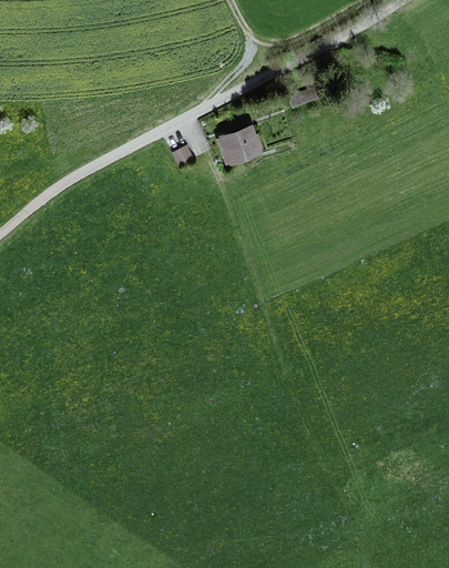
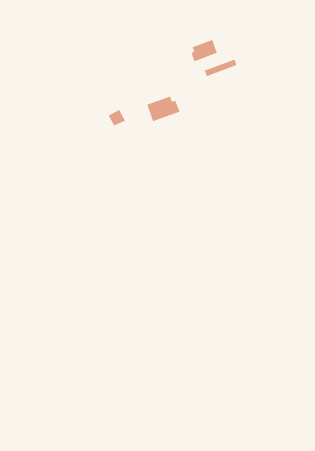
building: none -> [191,39,218,62]

